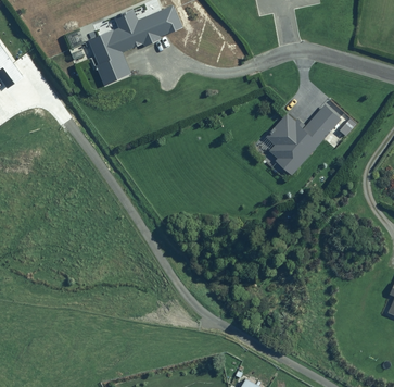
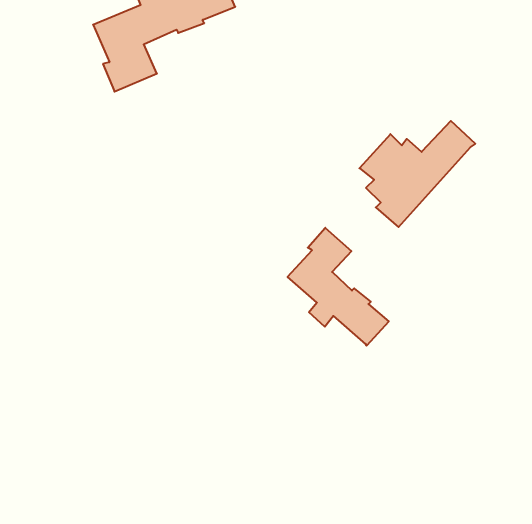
building: none -> [288,228,389,346]

